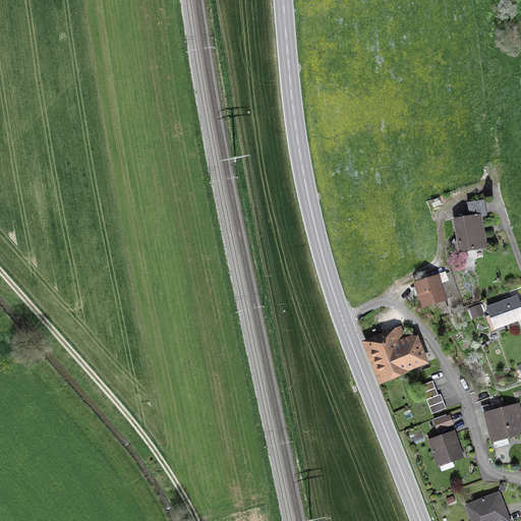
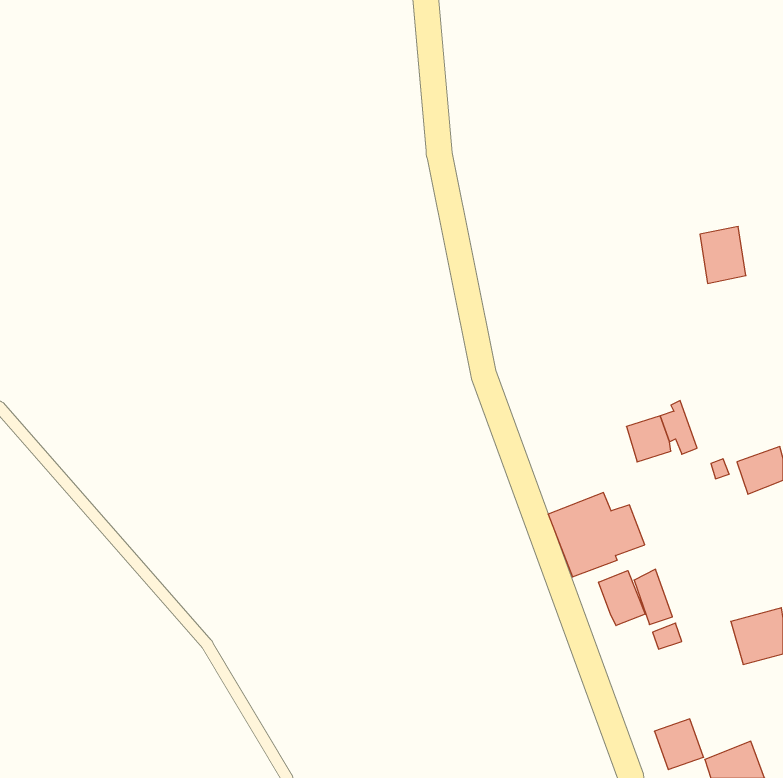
building: [455,215,485,252] -> [700,227,746,283]
building: none -> [599,571,645,626]
building: [430,430,463,464] -> [654,719,704,770]

